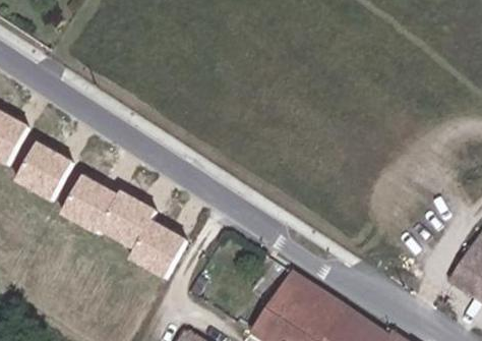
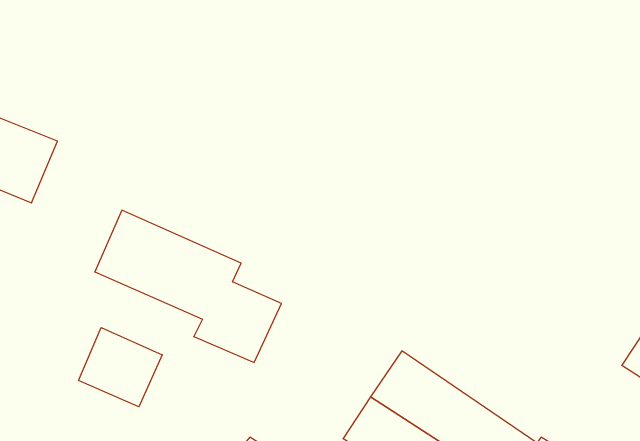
building: [22,140,91,207] -> none
building: none -> [79,328,162,407]

